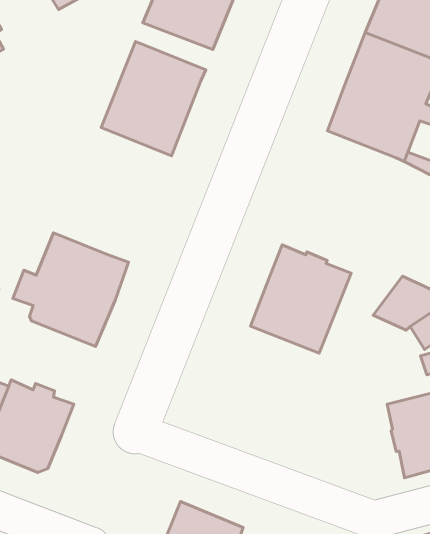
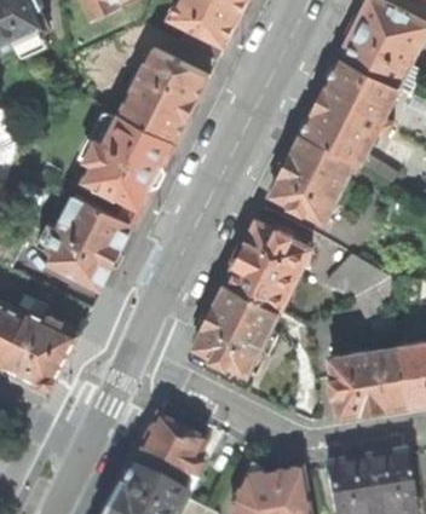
building: none -> [84,111,174,223]
building: none -> [270,132,355,221]
building: none -> [192,283,278,374]

